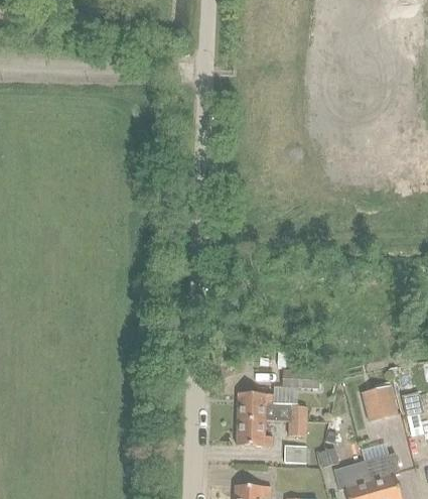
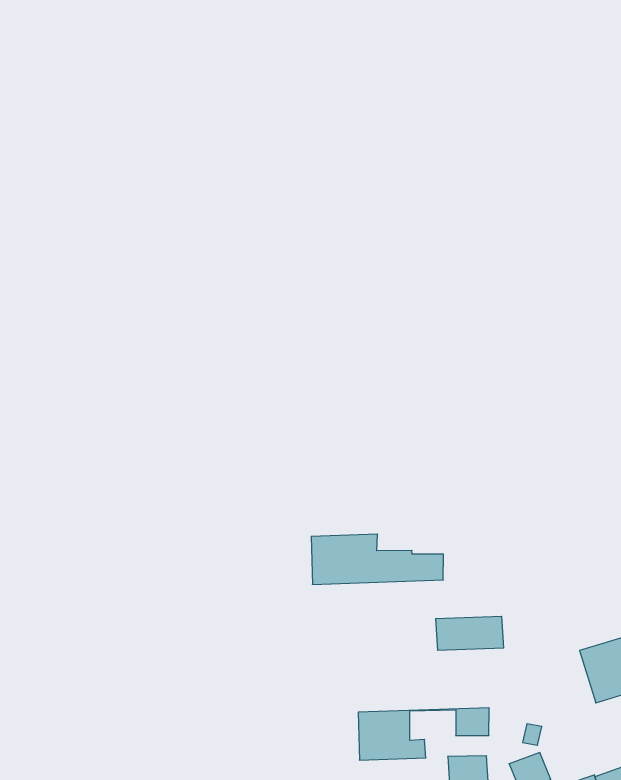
building: [237,392,309,420] -> [311,534,443,584]

